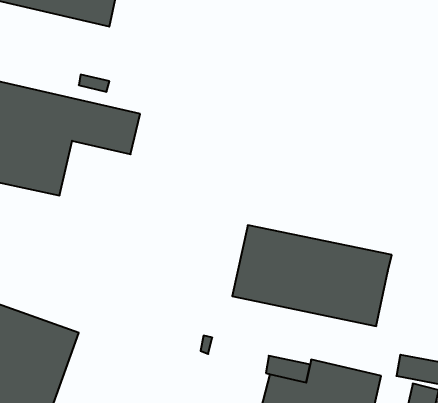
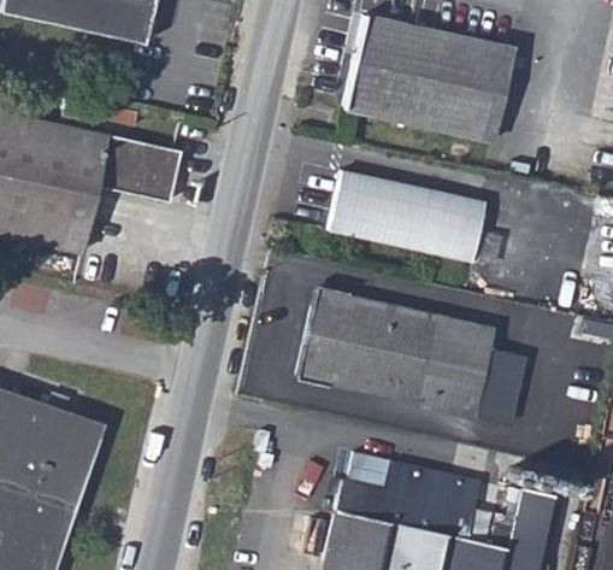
building: none -> [344,17,512,141]
building: none -> [329,169,484,263]
building: none -> [477,348,525,424]

